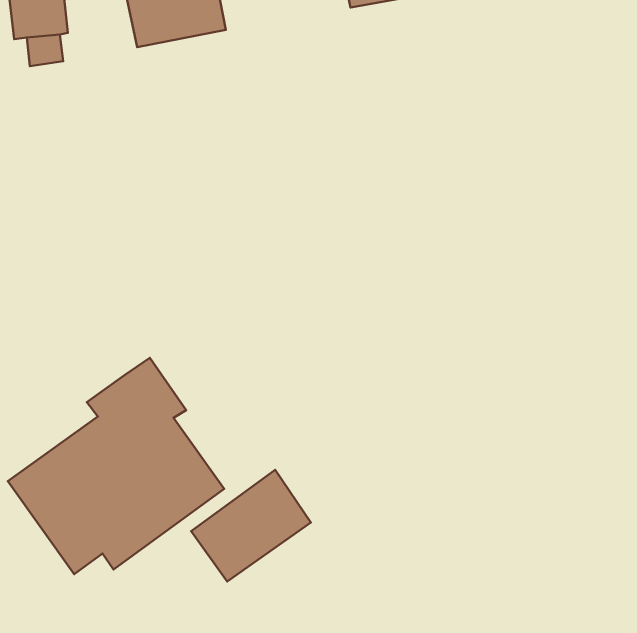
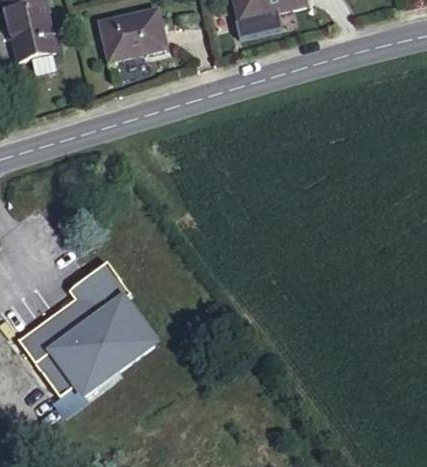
building: [191,470,311,582] -> none

